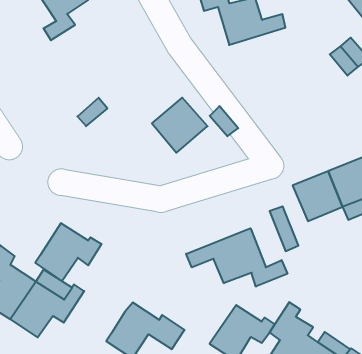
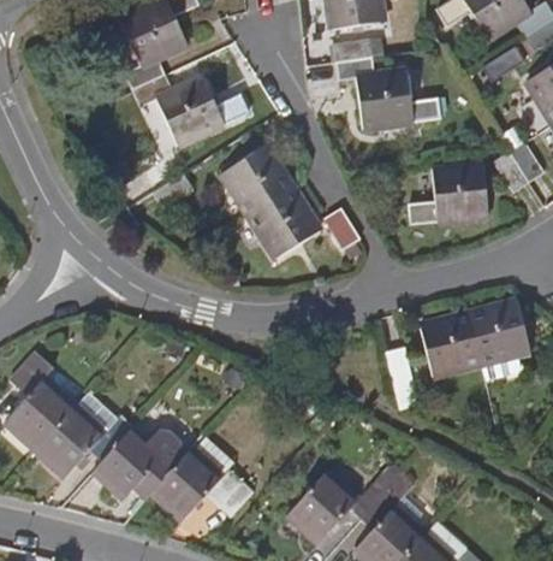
building: none -> [133,73,251,146]
building: none -> [391,164,471,226]
building: none -> [222,146,295,217]
building: [35,223,102,281] -> [89,424,179,500]
building: [186,228,287,287] -> none

